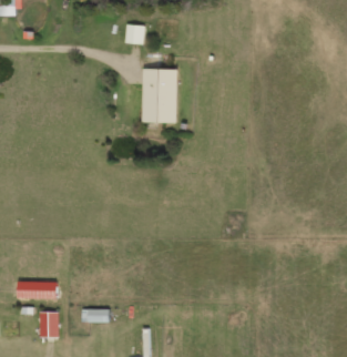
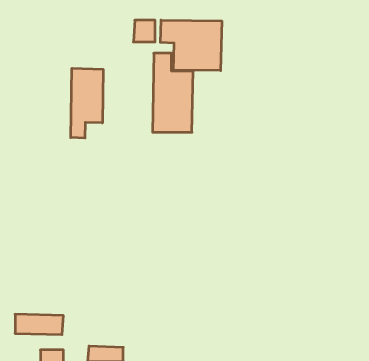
building: none -> [160,20,222,71]
building: none -> [71,68,103,138]

